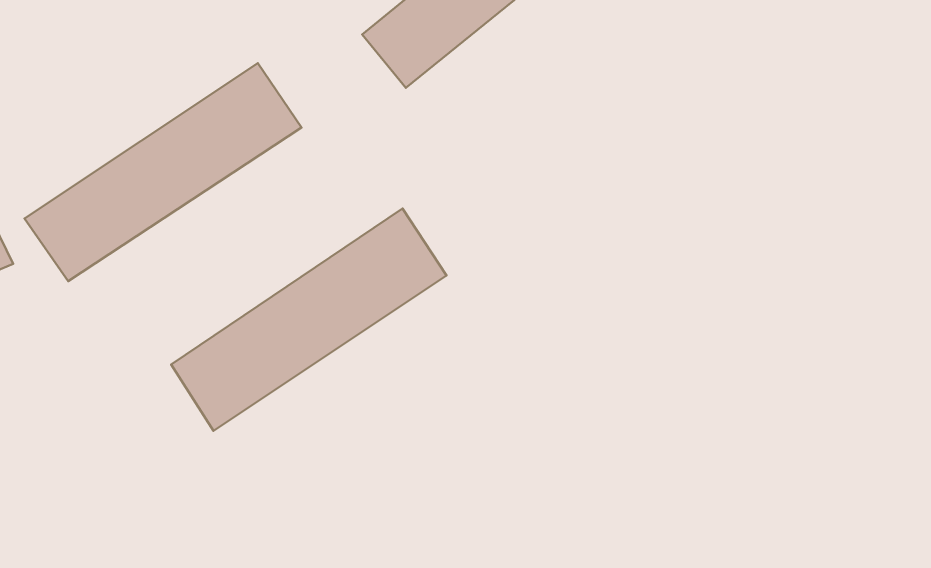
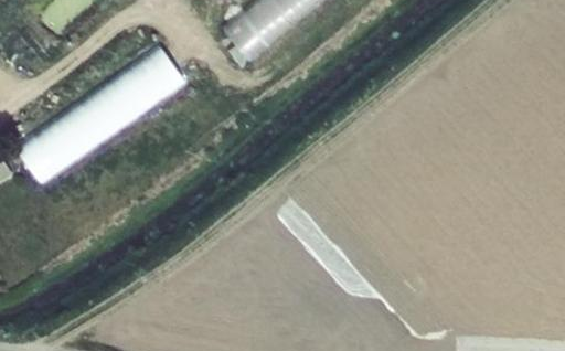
building: [171,208,447,431] -> none

